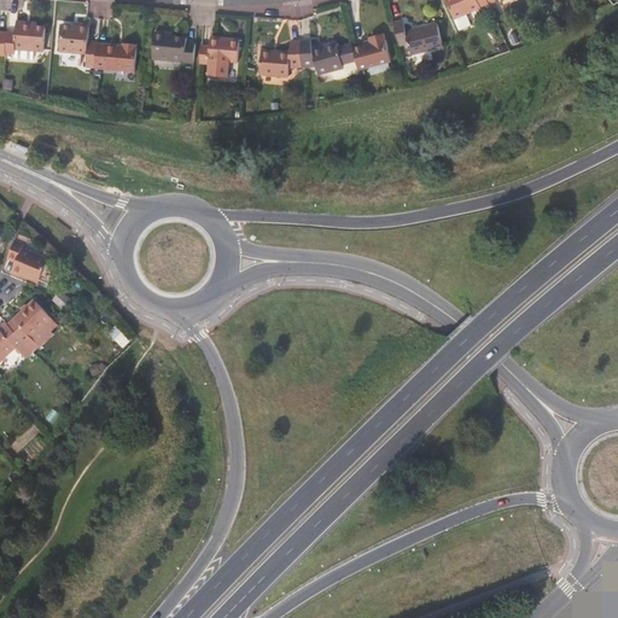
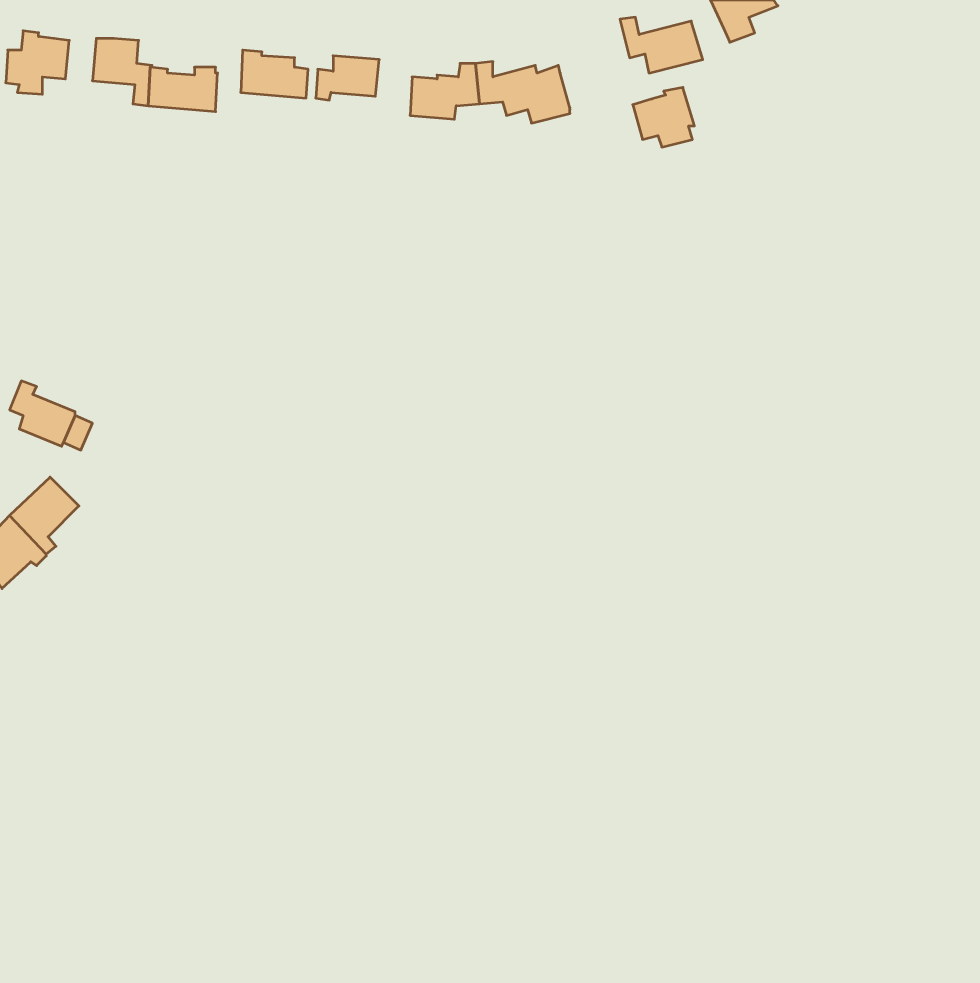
building: [351,35,390,72] -> [633,87,694,147]

